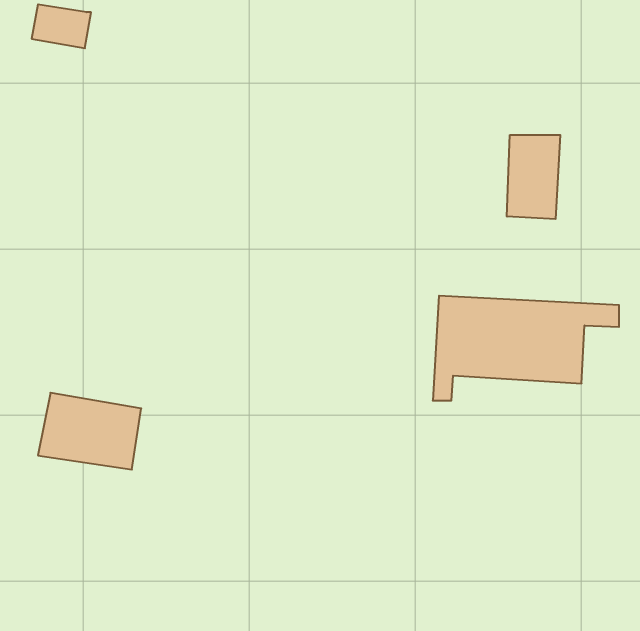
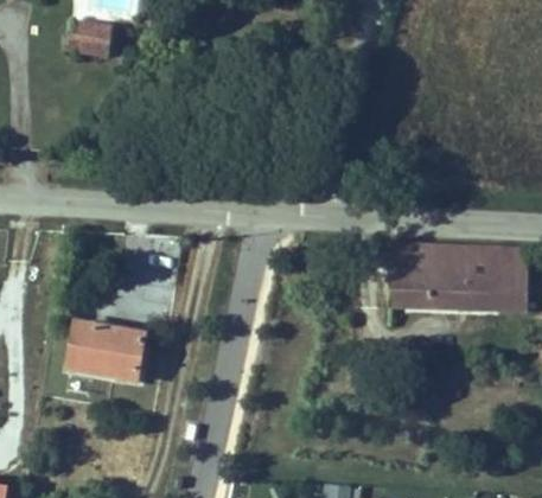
building: [507,135,560,219] -> none
building: none -> [480,266,509,311]

